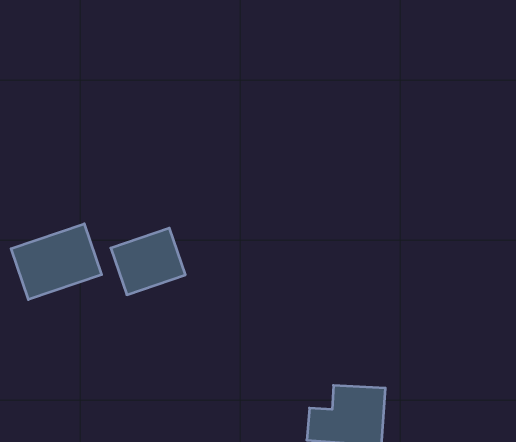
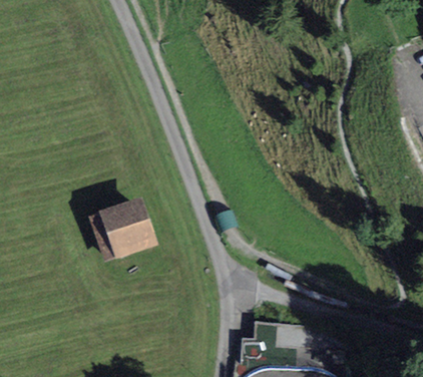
building: [11,224,102,300] -> none

